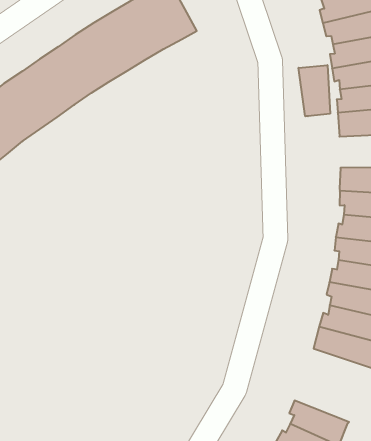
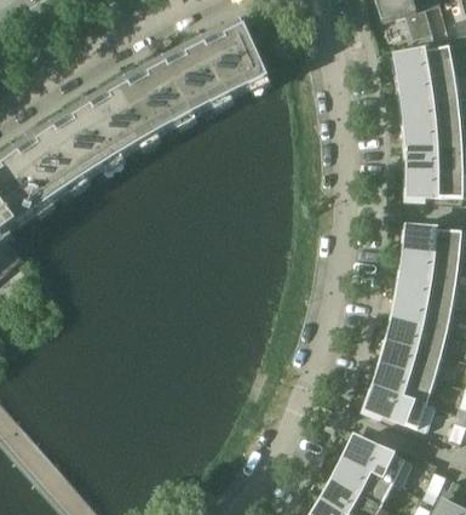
building: [299,65,330,116] -> none
building: none -> [340,431,412,483]

